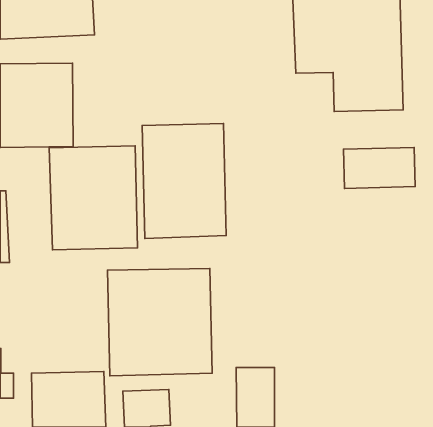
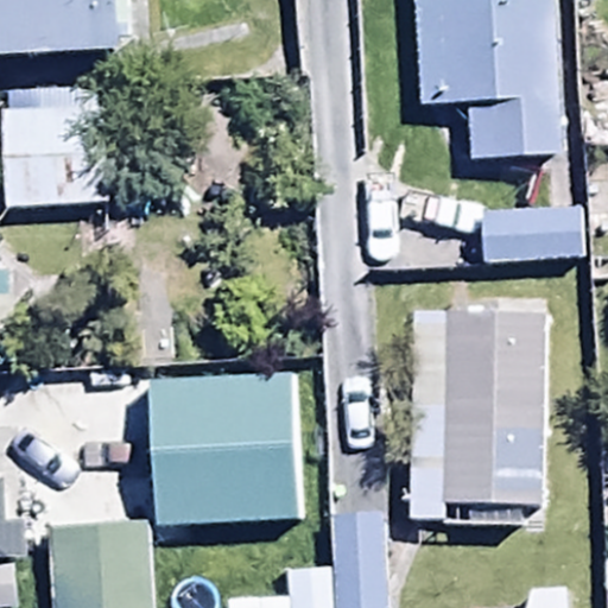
building: [142,124,226,238] -> none
building: [49,146,138,250] -> none
building: none -> [410,309,544,518]

